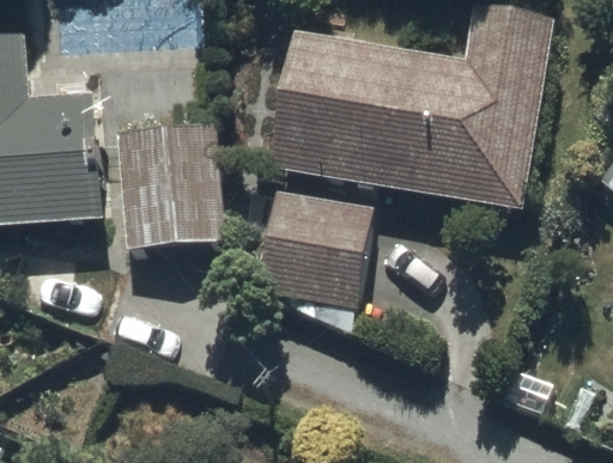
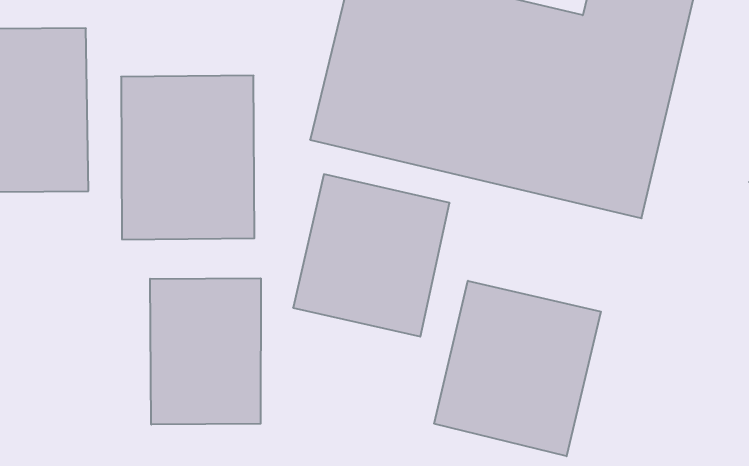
building: none -> [434,281,601,456]
building: none -> [150,278,261,425]

